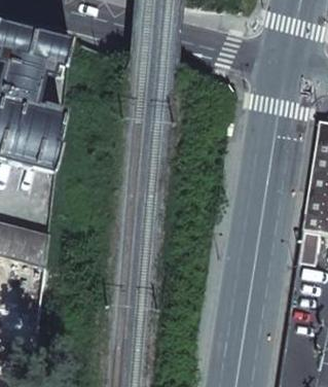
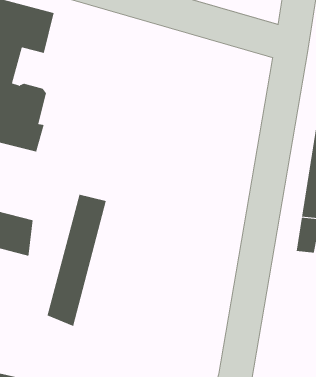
building: none -> [47,194,106,327]

